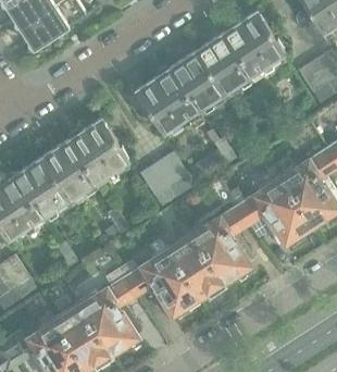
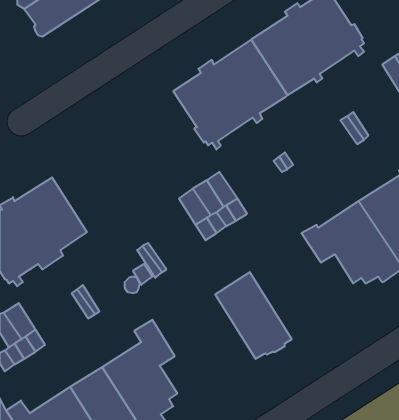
building: [41,119,129,201] -> none
building: [196,202,252,285] -> none
building: [120,250,201,313] -> none

